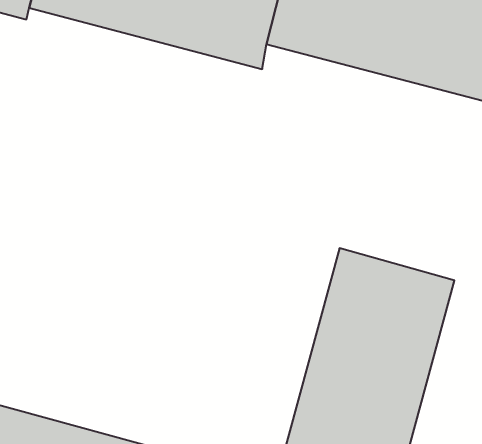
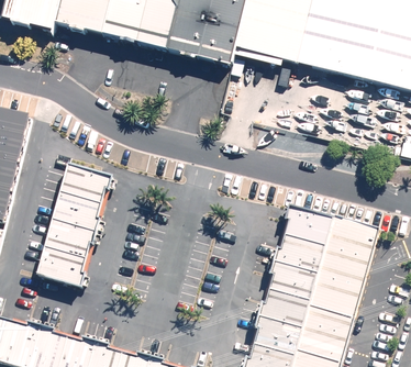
building: none -> [38,166,109,288]

